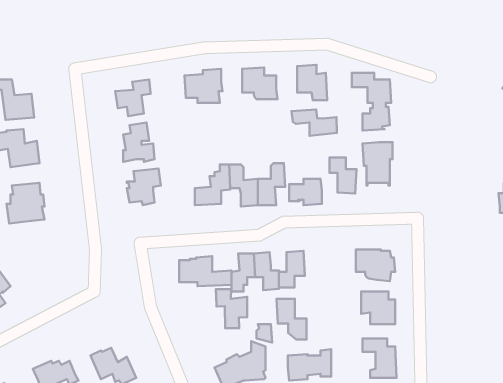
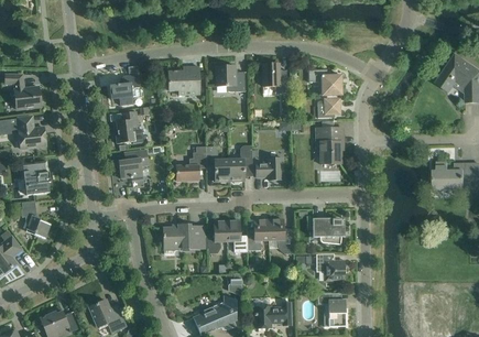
building: [291,110,337,136] -> none
building: [330,157,356,194] -> none
building: none -> [21,200,51,239]
building: [216,289,247,328] -> none
building: [277,299,307,339] -> [268,219,293,253]

